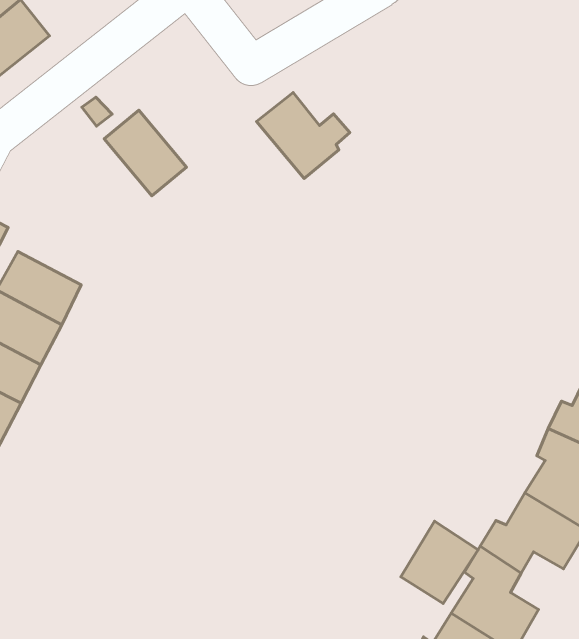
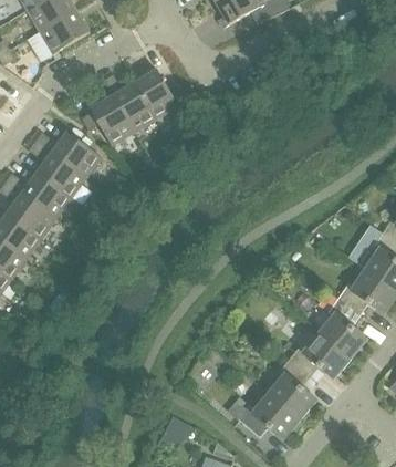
building: [256,92,350,179] -> [132,68,184,117]
building: none -> [81,94,132,144]
building: none -> [51,131,98,175]
building: [401,521,478,604] -> none

